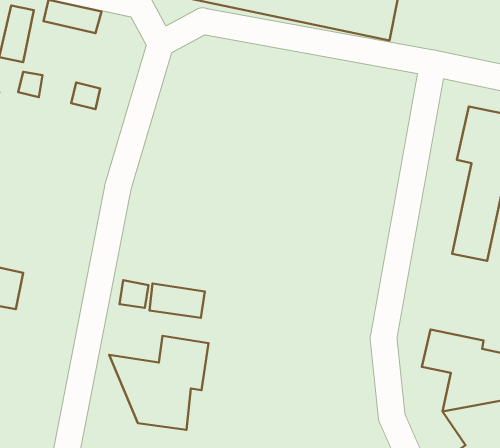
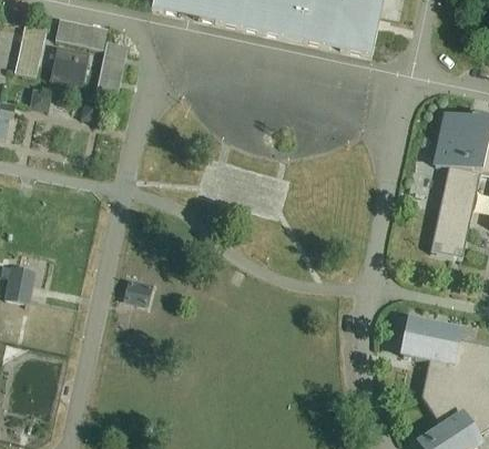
building: none -> [96,41,126,93]
building: none -> [49,48,90,89]
building: [150,284,205,318] -> none
building: [109,336,209,430] -> none

